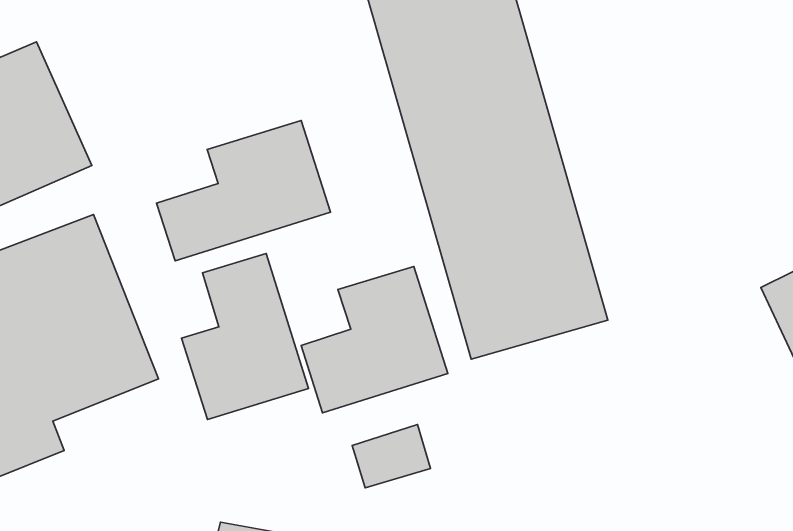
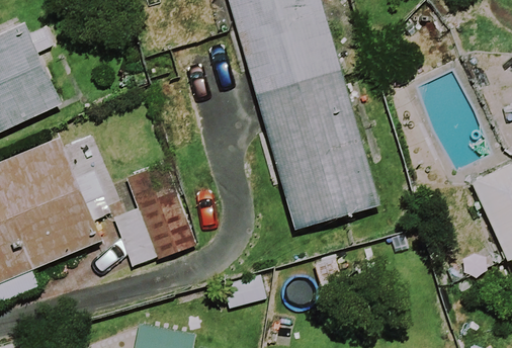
building: [157,120,331,261] -> none
building: [301,267,448,413] -> none

